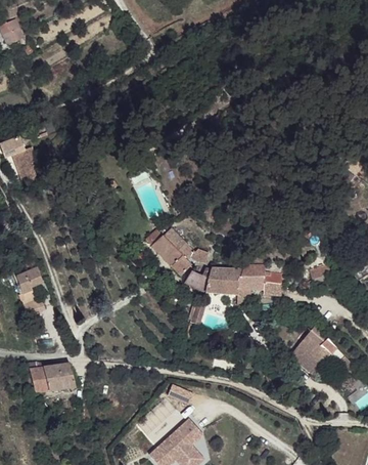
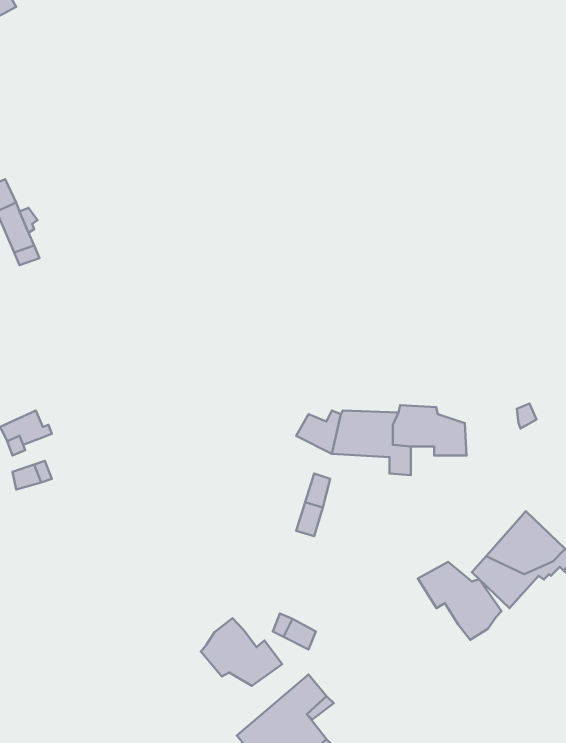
building: [145,227,208,276] -> none
building: none -> [418,562,502,640]
building: [31,362,76,393] -> none
building: none -> [201,618,282,686]

